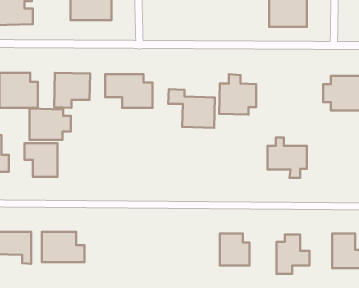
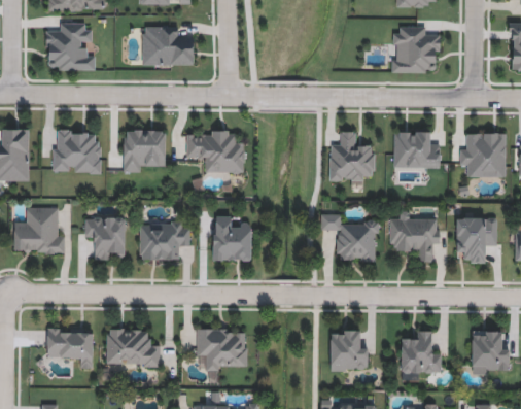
building: none -> [393,132,439,169]
building: [168,89,215,128] -> [320,214,379,263]
building: [30,109,71,140] -> [139,221,190,261]
building: none -> [213,217,250,262]
building: none -> [455,218,496,264]
building: none -> [197,330,248,372]

